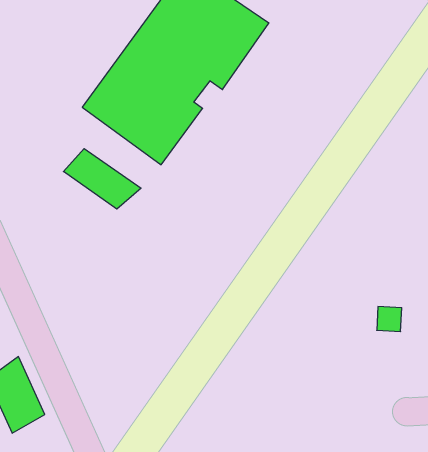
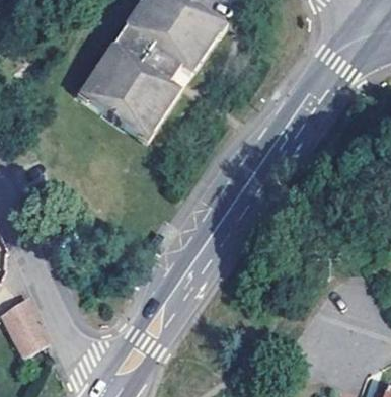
building: [63,149,141,209] -> none

